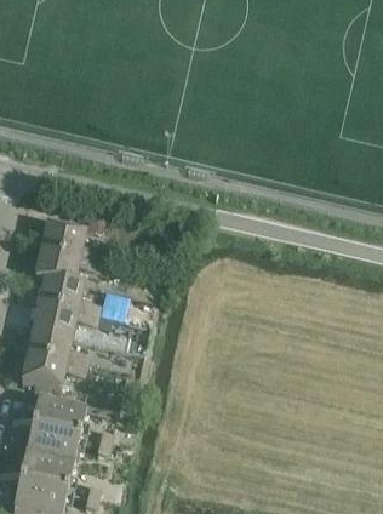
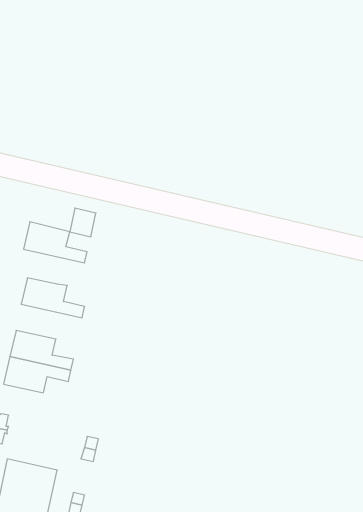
building: [34,249,99,282] -> none
building: [33,302,97,336] -> none
building: [24,398,85,463] -> none

